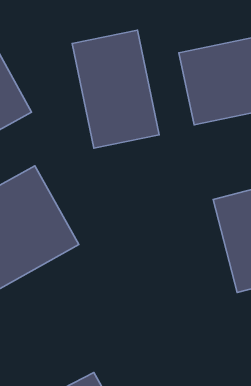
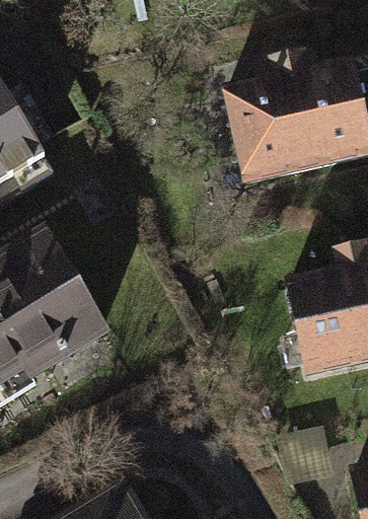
building: [72,30,159,148] -> none

